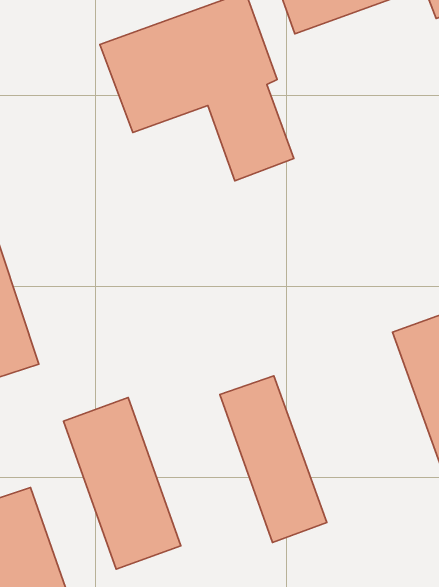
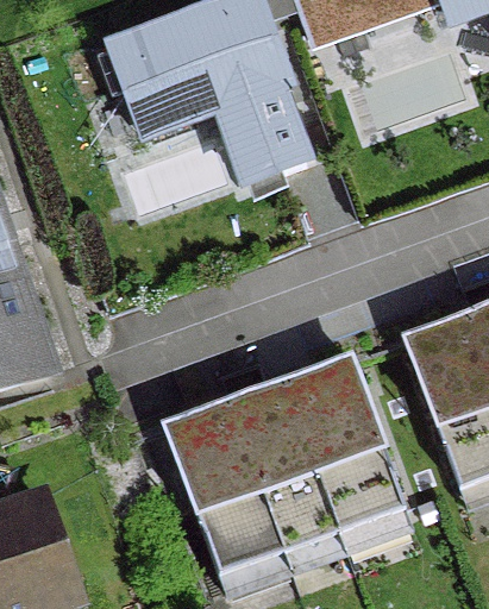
building: none -> [286,358,406,532]
building: [63,398,181,569] -> [165,402,284,576]

